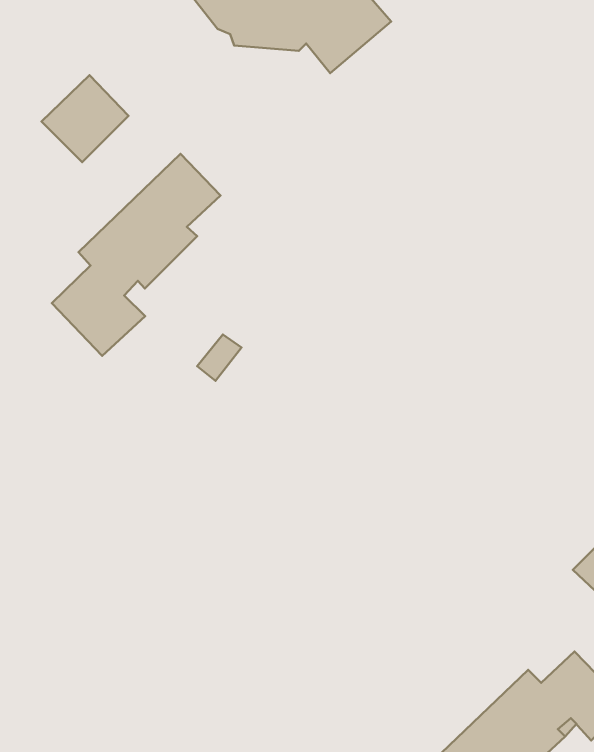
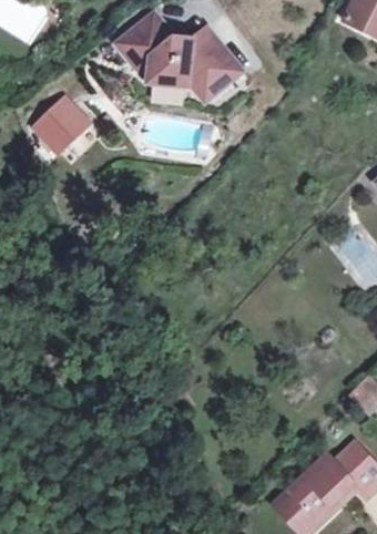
building: [52,154,221,356] -> none

